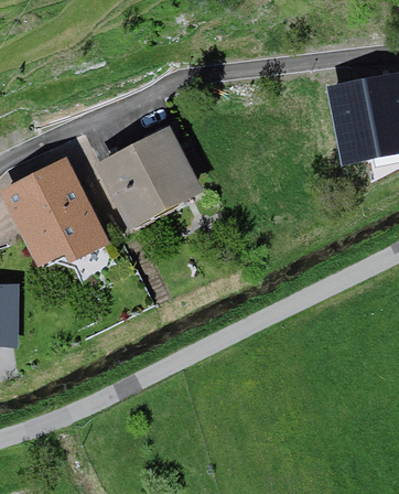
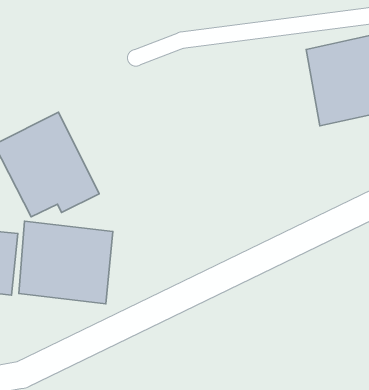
building: [94,125,204,229] -> none
building: none -> [19,221,113,304]

